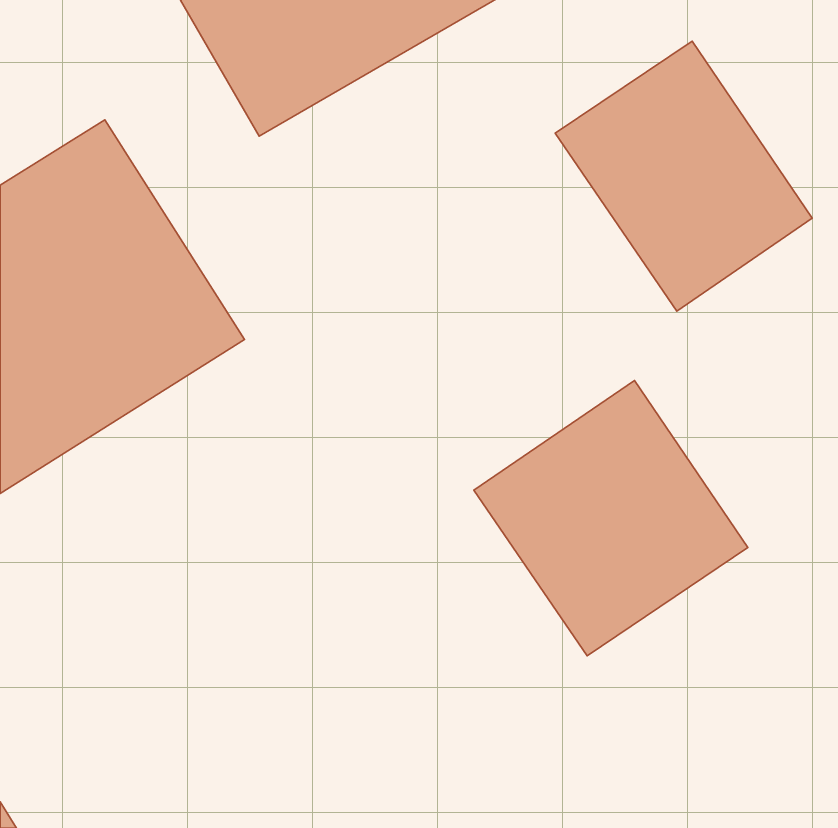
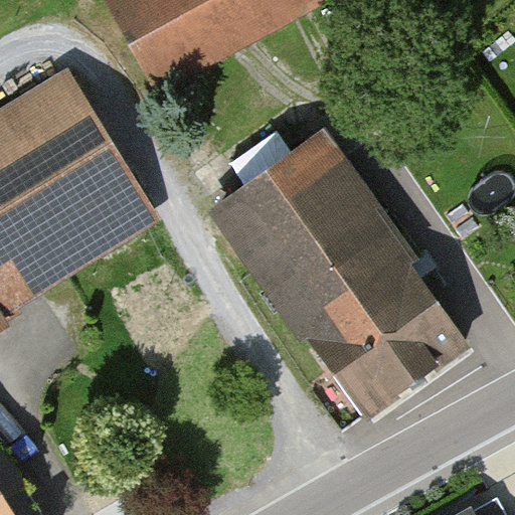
building: [555,41,812,311] -> none
building: none -> [220,132,389,301]

